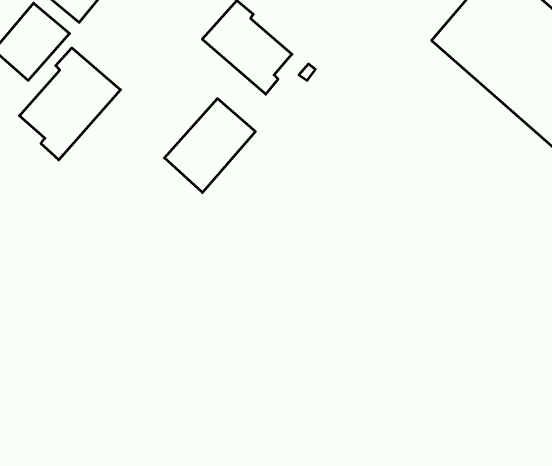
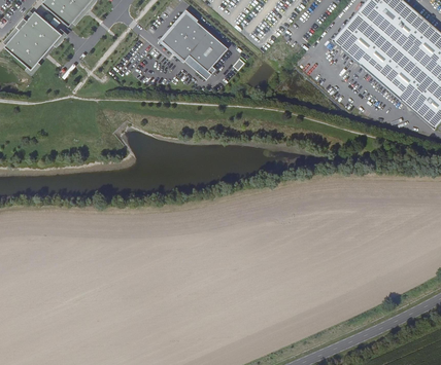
building: [19,48,121,160] -> none
building: [164,99,255,193] -> none

